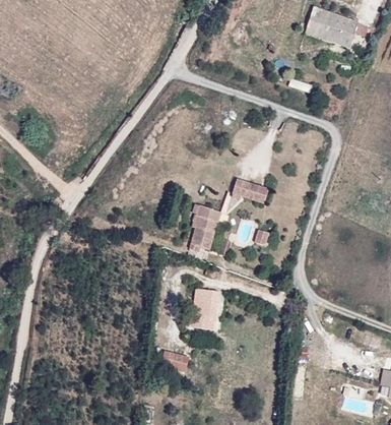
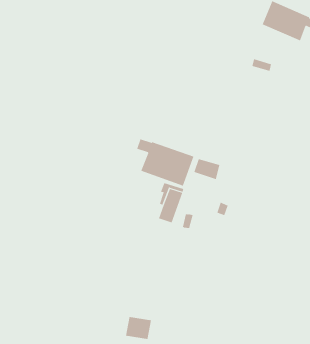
building: none -> [136,138,194,187]
building: [187,290,215,329] -> none

